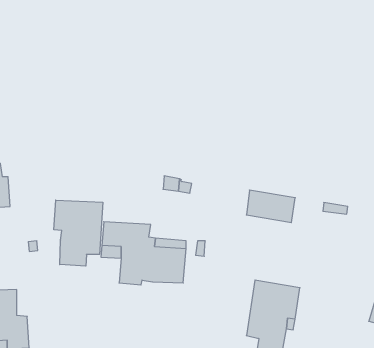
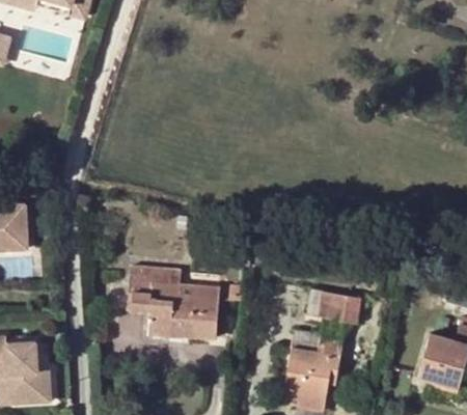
building: [246,190,295,223] -> [308,287,361,323]
building: [54,200,103,266] -> none

